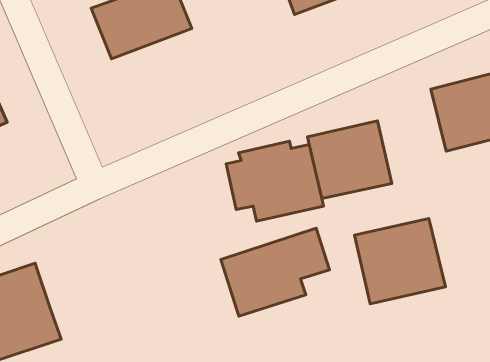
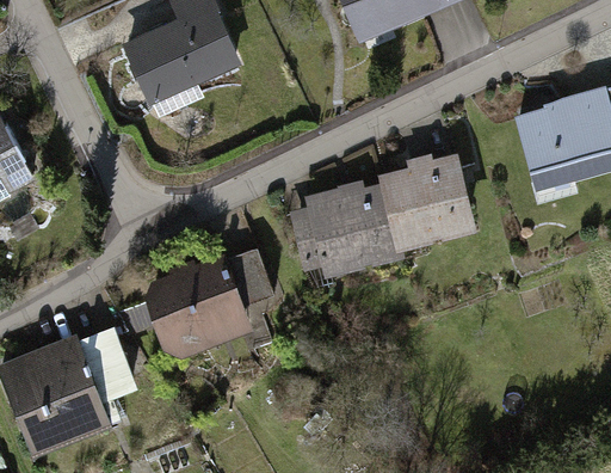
building: [354,218,445,304] -> none
building: [221,228,329,316] -> [150,246,274,351]
building: none -> [79,333,126,387]

